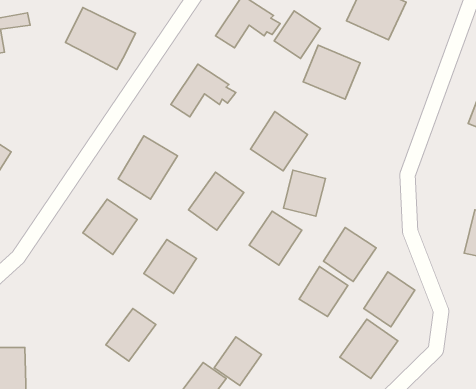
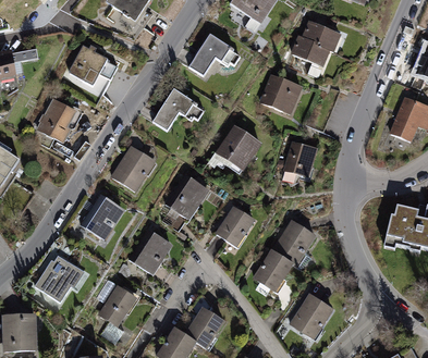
building: [274,11,321,59] -> none
building: none -> [36,97,83,141]
building: [283,170,325,216] -> [284,140,318,177]
building: none -> [36,254,87,305]
building: [364,272,415,327] -> none

